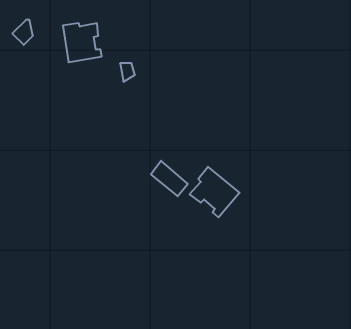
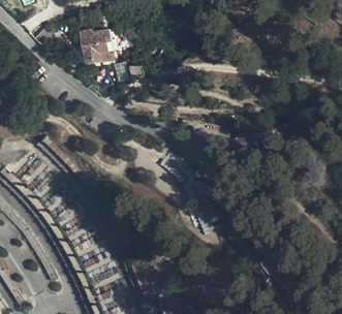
building: [190,167,240,217] -> none

